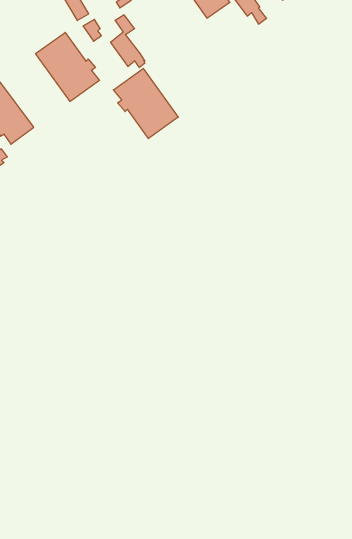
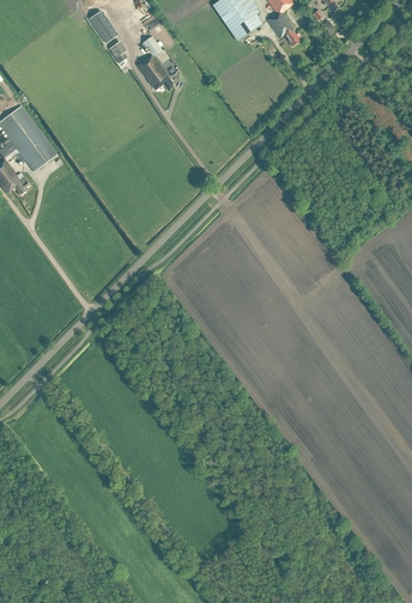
building: [36,32,99,101] -> none
building: [113,68,178,139] -> none

